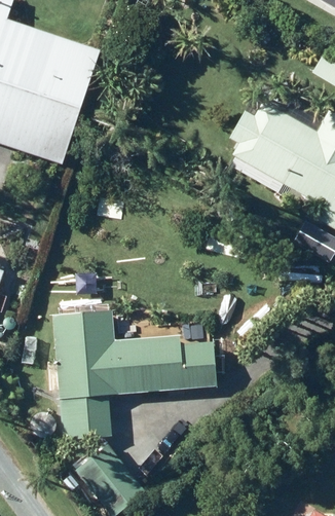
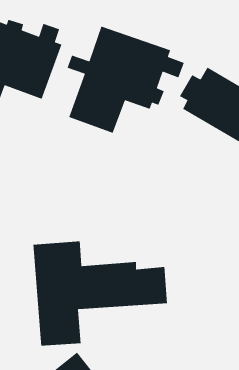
building: none -> [67,25,185,134]

